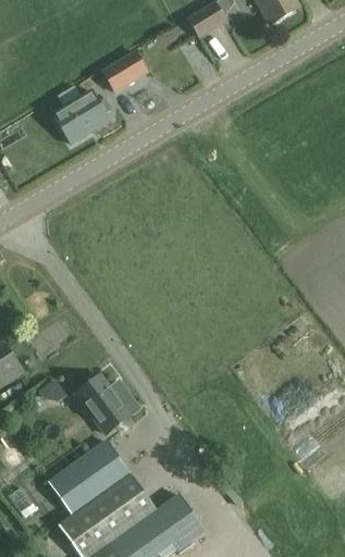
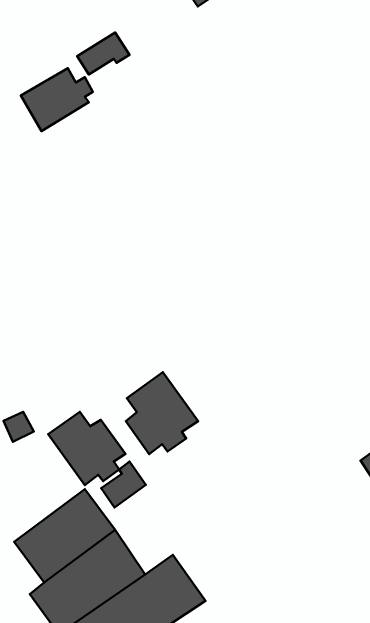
building: none -> [126,372,198,454]
building: none -> [101,462,146,507]

